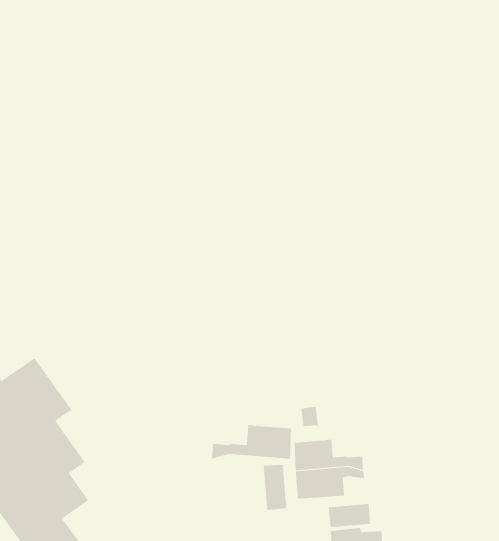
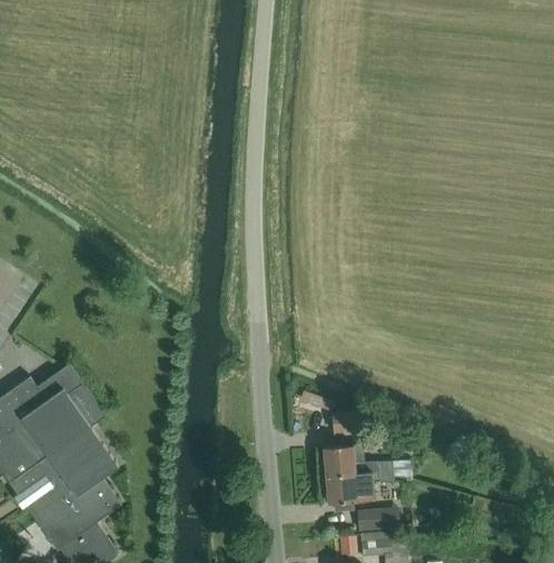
building: [212,424,292,460] -> none
building: [263,464,287,511] -> none

